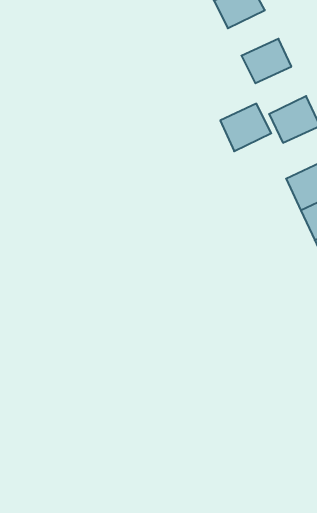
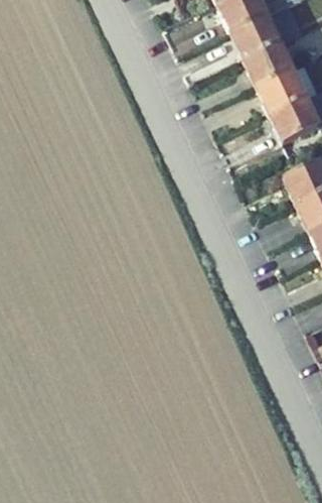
building: none -> [230,16,279,59]
building: [220,104,271,151] -> [257,70,305,115]

